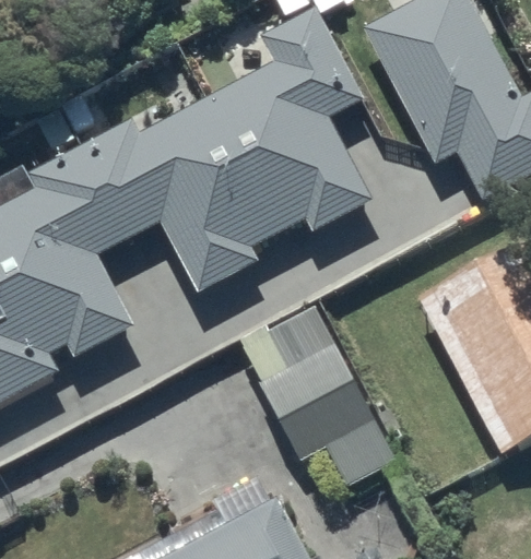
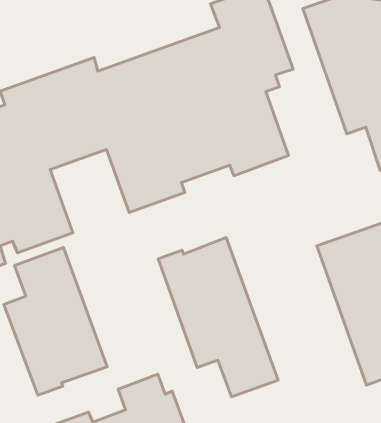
building: none -> [4,248,107,395]

